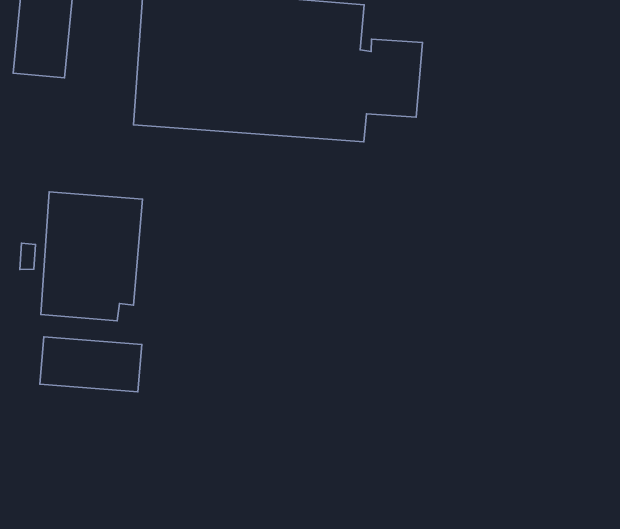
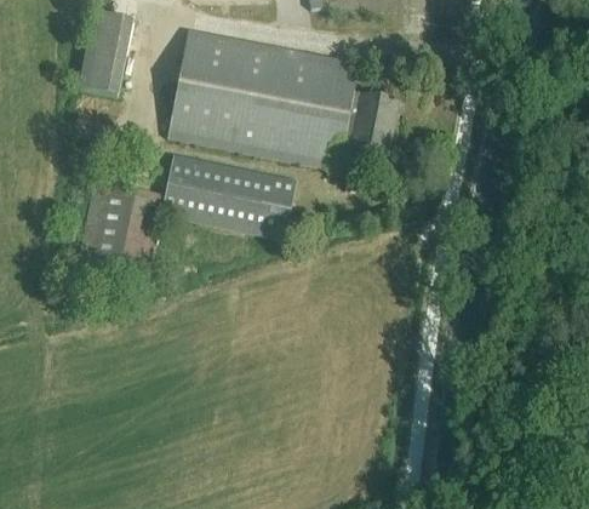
building: none -> [164,154,293,235]
building: [40,337,142,392] -> none

